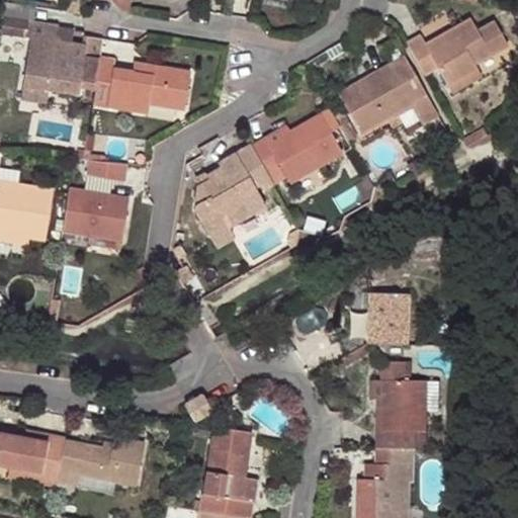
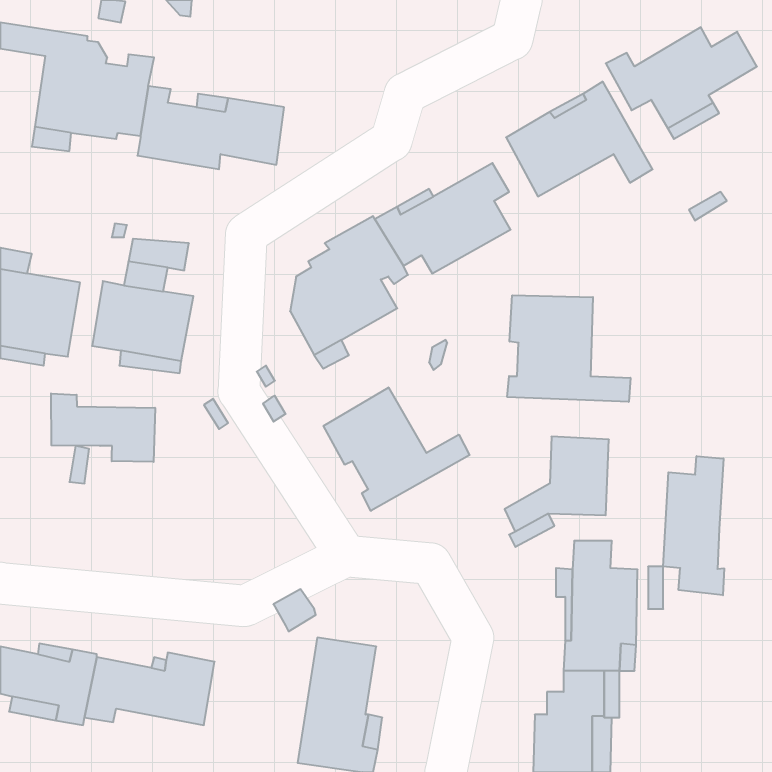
building: none -> [507,295,630,402]
building: none -> [324,387,470,511]
building: none -> [51,393,155,462]
building: none -> [663,456,724,595]

